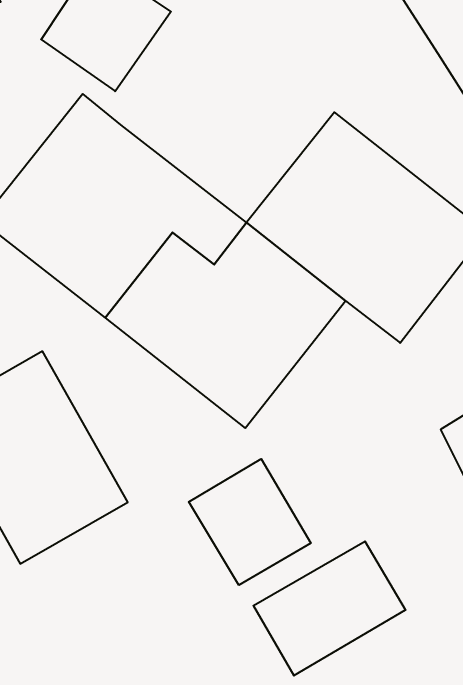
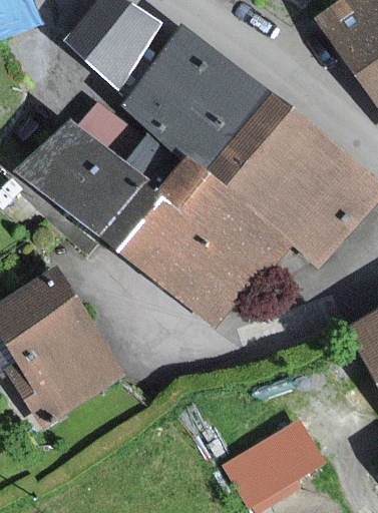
building: none -> [122,29,276,179]
building: [189,459,311,585] -> none

